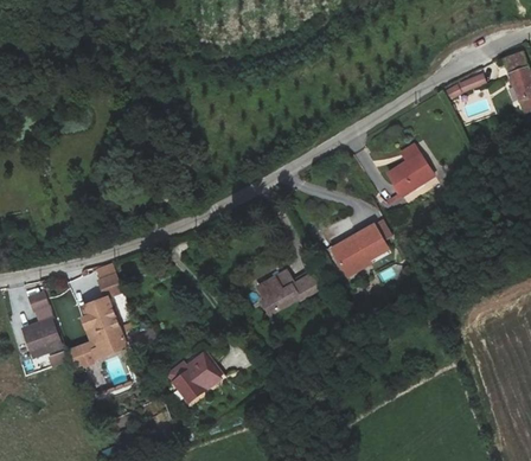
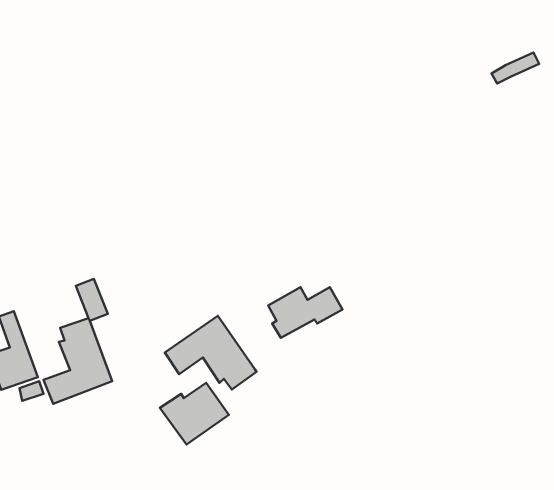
building: [388,142,434,193] -> none
building: [330,218,391,276] -> none
building: none -> [165,316,256,390]

